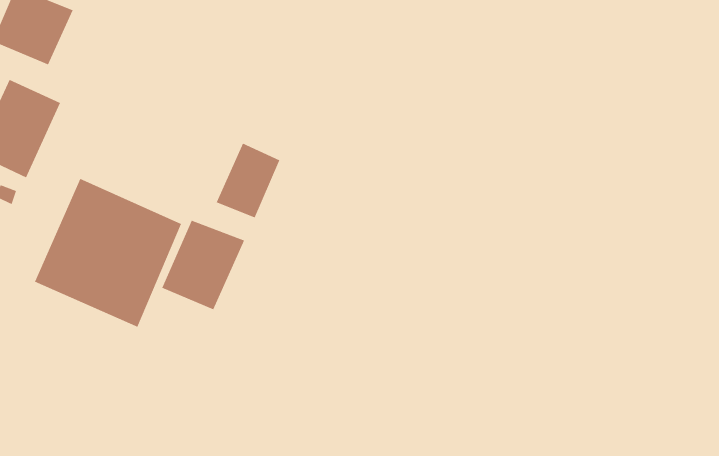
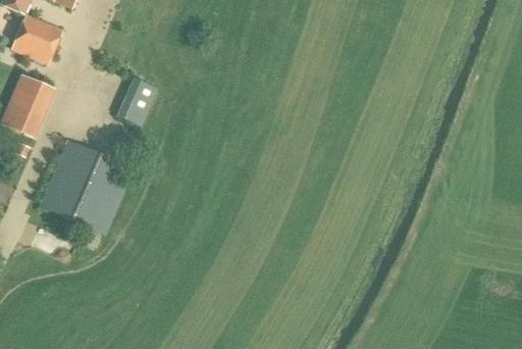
building: [216,143,280,218] -> [115,77,157,126]
building: [162,220,245,310] -> none

